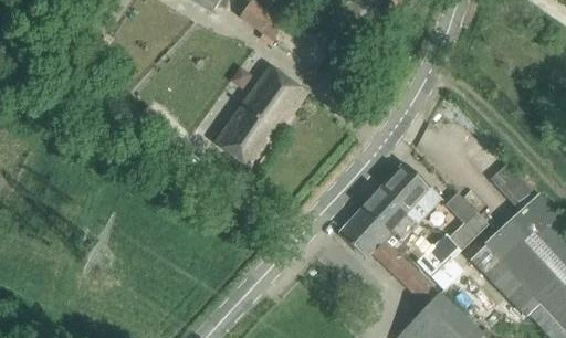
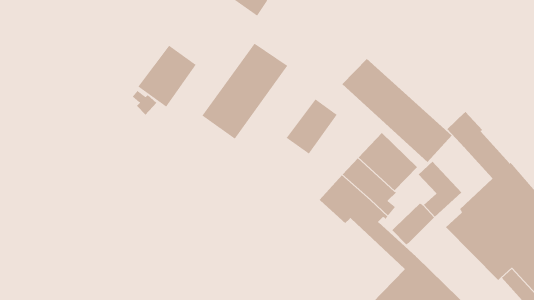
building: none -> [137,45,197,107]
building: none -> [341,58,452,163]
building: none -> [286,99,337,155]

